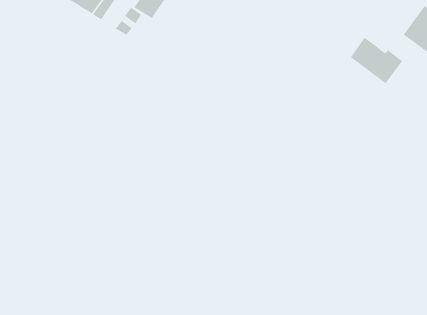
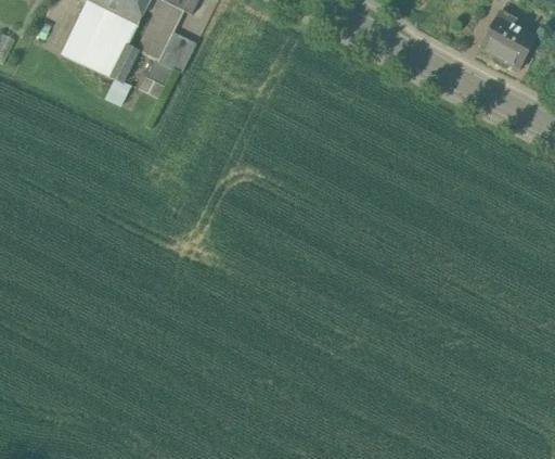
building: [350,37,403,84] -> none

